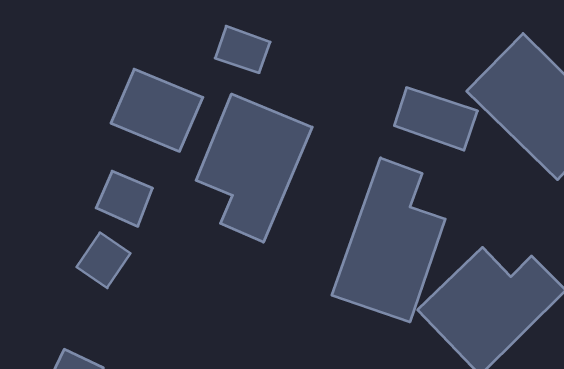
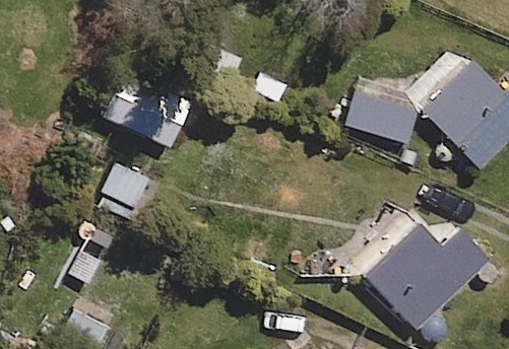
building: [196,94,312,242] -> none
building: [332,158,445,322] -> none

